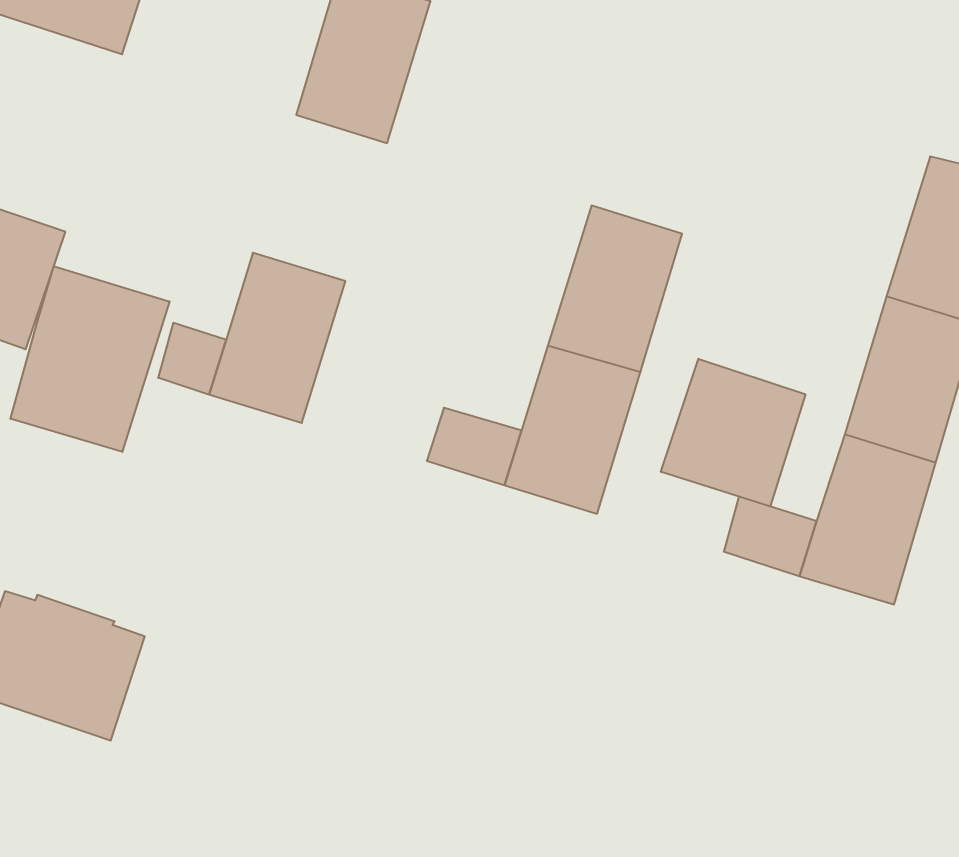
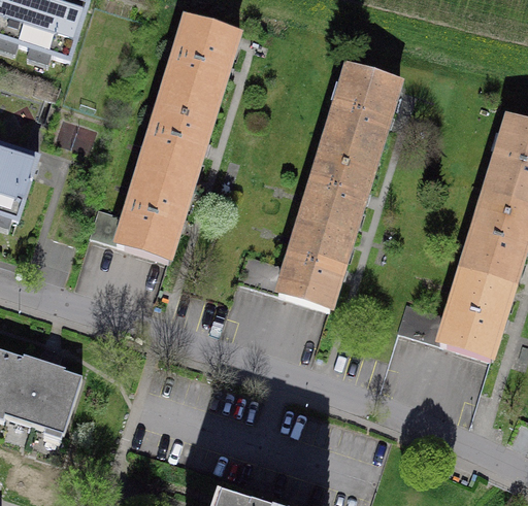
building: none -> [326,64,399,156]
building: none -> [141,91,214,181]
building: [10,266,170,452] -> none
building: [661,359,805,507] -> none

